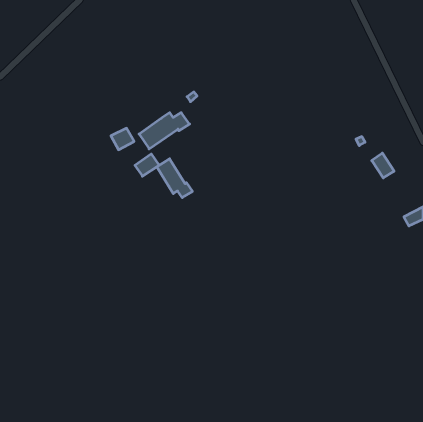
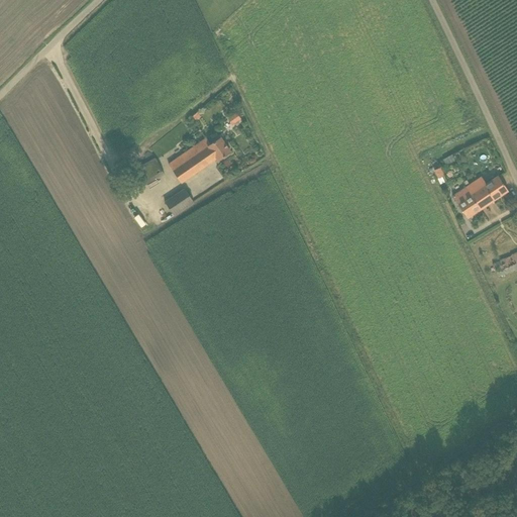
building: none -> [467,176,508,209]
building: [157,159,192,198] -> none

